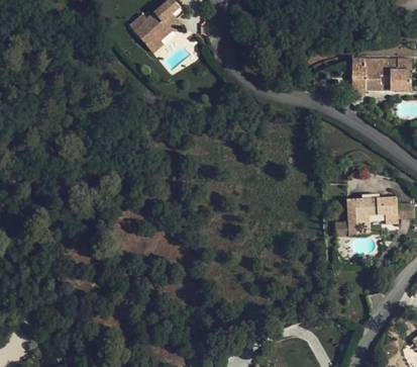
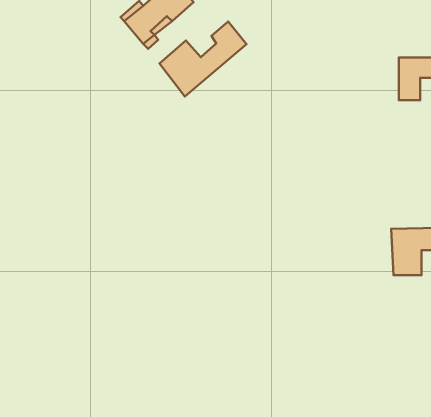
building: none -> [160,21,246,96]

